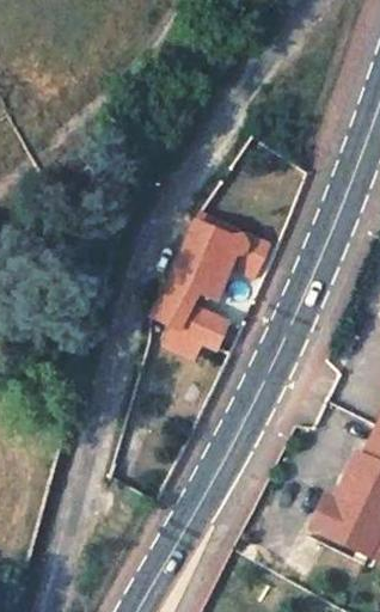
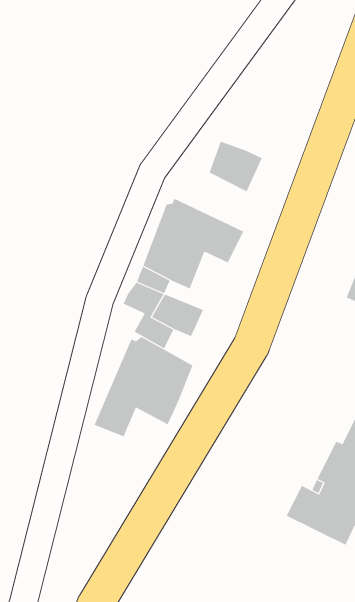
building: none -> [209,141,262,192]
building: none -> [94,336,193,437]

